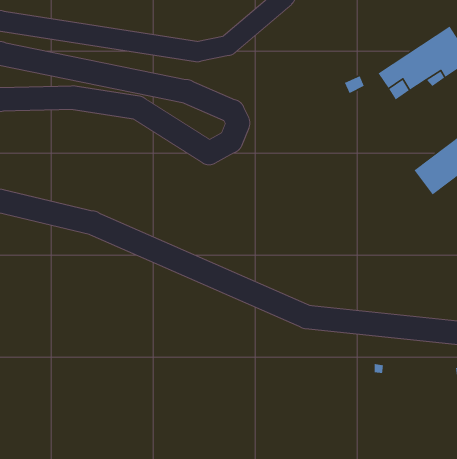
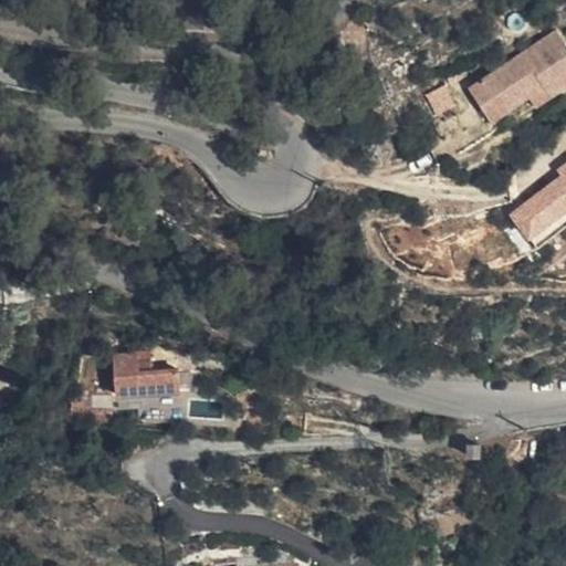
building: none -> [120,355,182,396]

